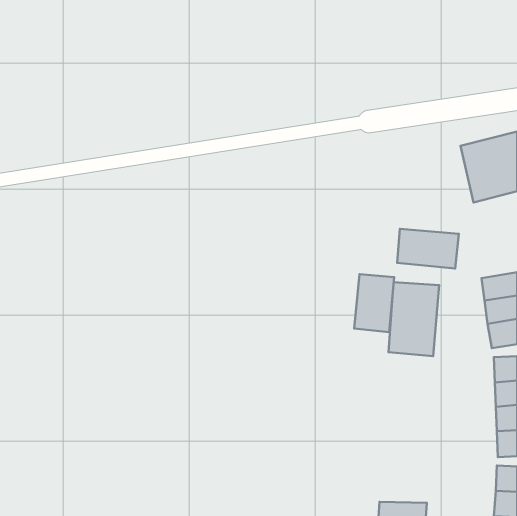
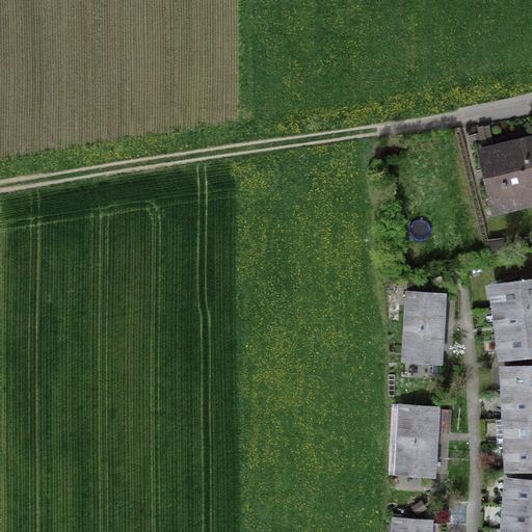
building: [397,229,459,269] -> none
building: [354,274,394,332] -> none
building: none -> [396,405,445,474]

